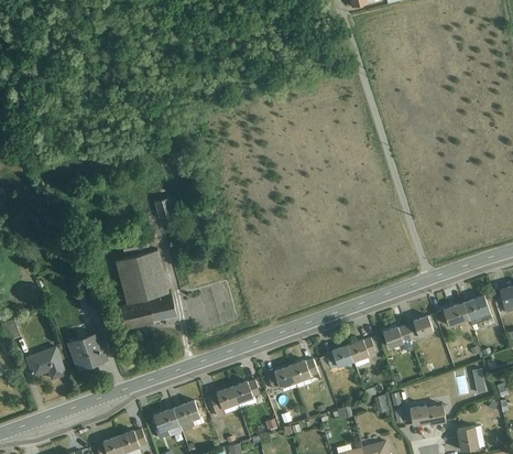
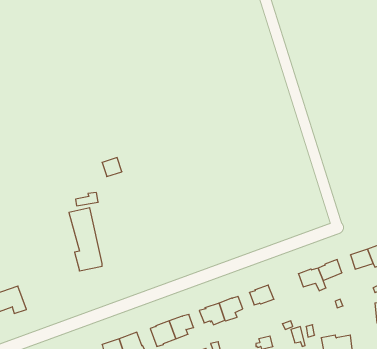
building: [139,249,176,320] -> none
building: [68,332,106,368] -> none
building: [347,337,375,367] -> none

